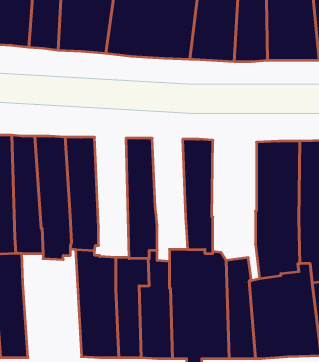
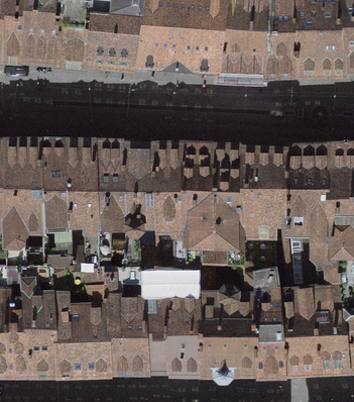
building: none -> [123,150,157,271]
building: none -> [181,152,216,275]
building: none -> [240,154,284,274]
building: none -> [50,262,110,371]

